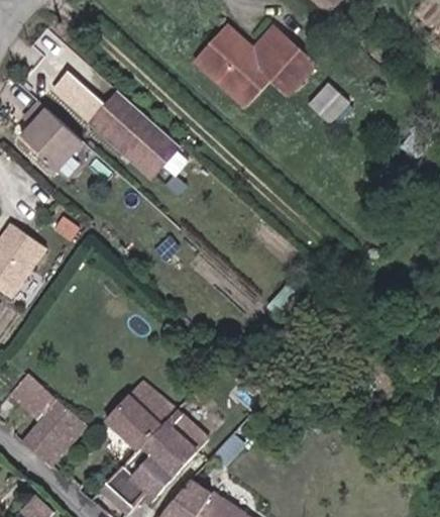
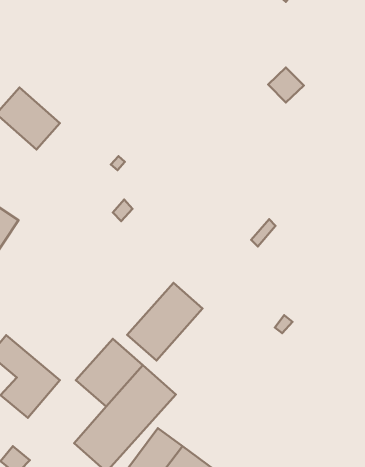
building: [197,27,315,106] -> none
building: [53,73,179,177] -> none
building: none -> [127,283,203,360]

